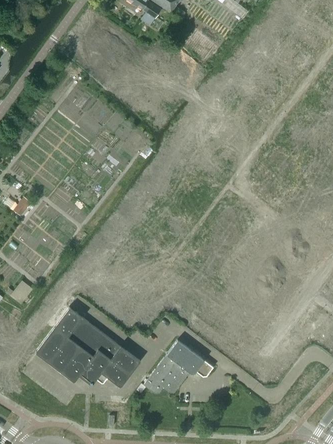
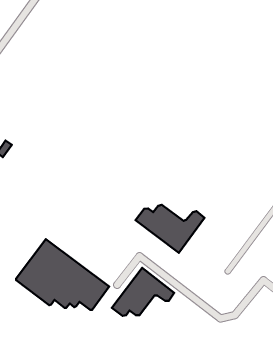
building: none -> [135,205,205,253]

